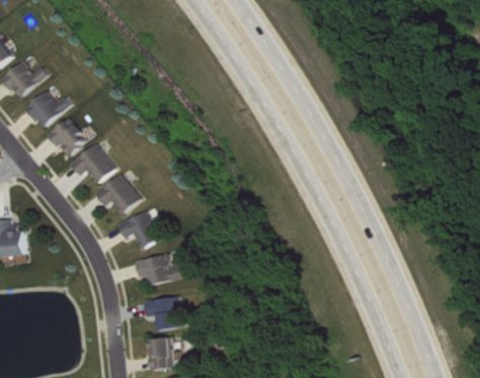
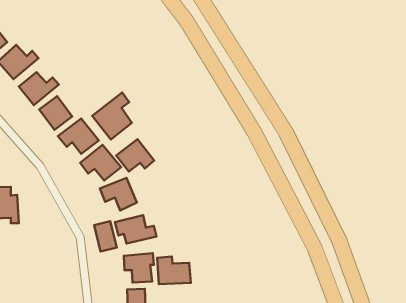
building: none -> [92,93,132,140]
building: none -> [116,139,154,171]
building: none -> [94,221,117,251]
building: none -> [157,256,191,284]

